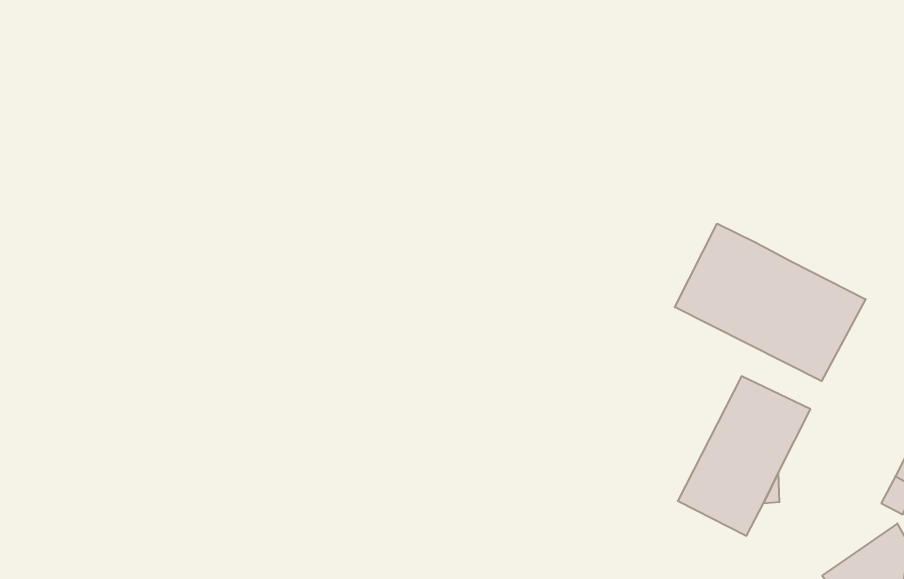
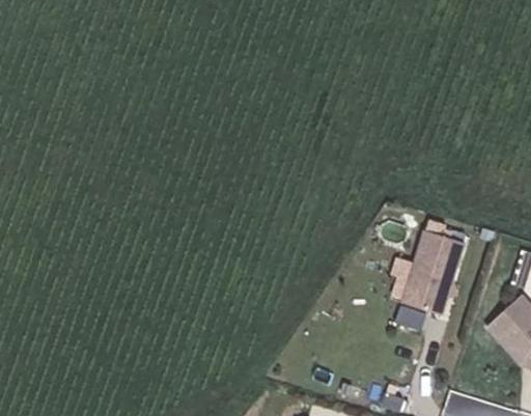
building: [675,224,866,381] -> none

